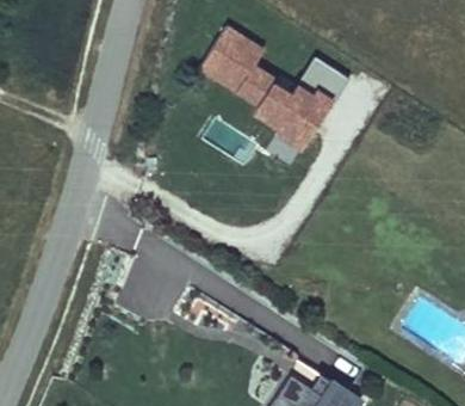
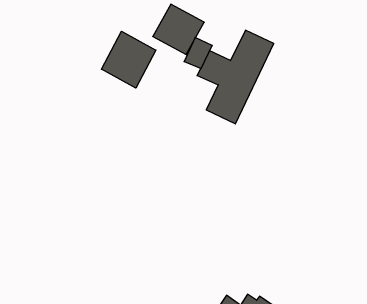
building: none -> [101,31,156,88]

